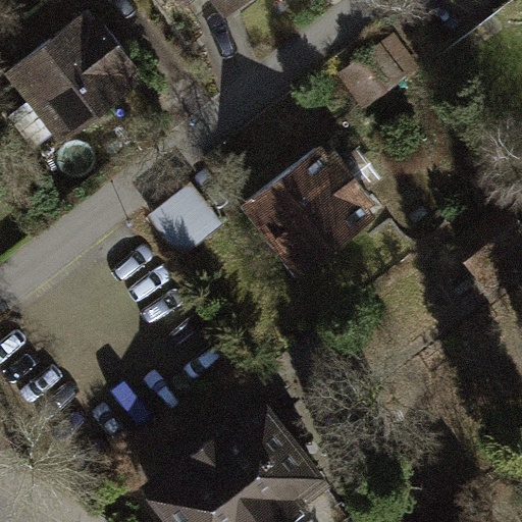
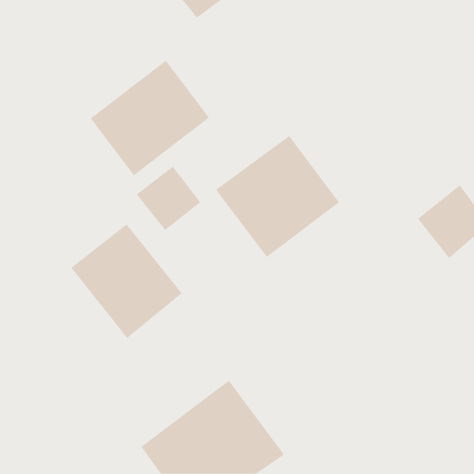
building: [18,10,150,138] -> [90,60,210,176]
building: none -> [71,223,183,339]

